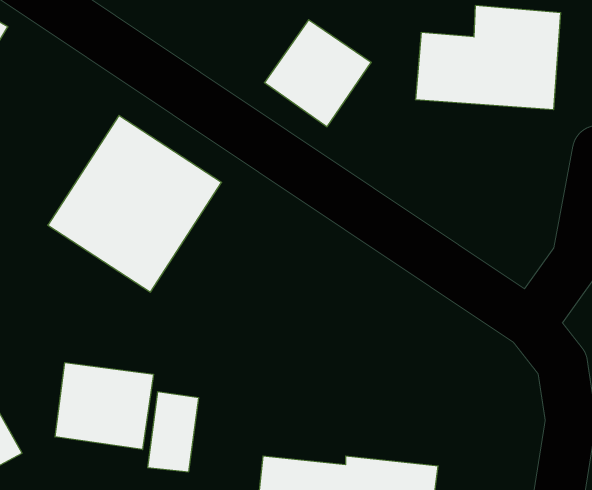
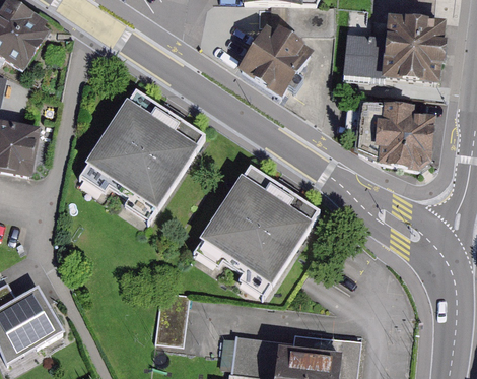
building: none -> [353,101,435,171]
building: none -> [196,163,320,289]
building: [55,363,153,450] -> none

